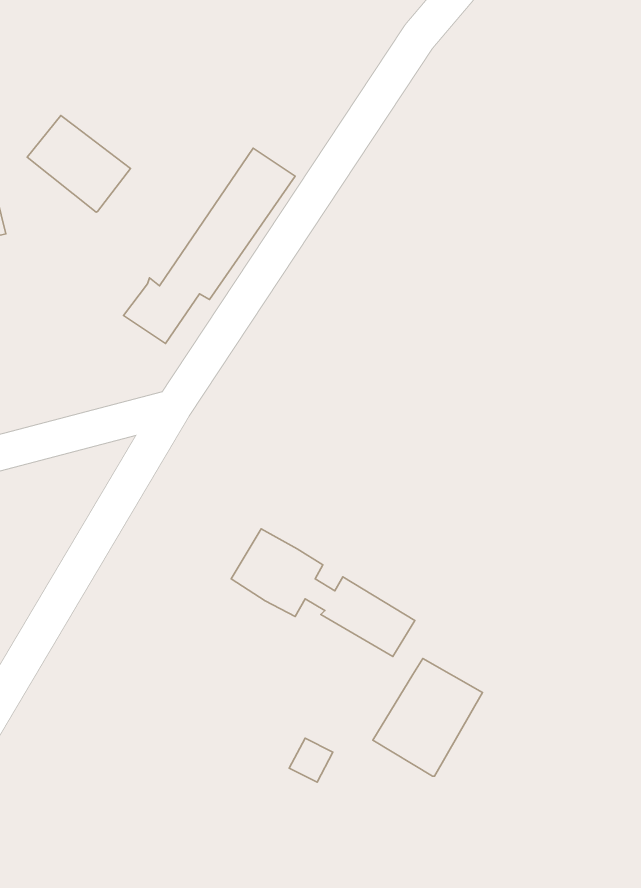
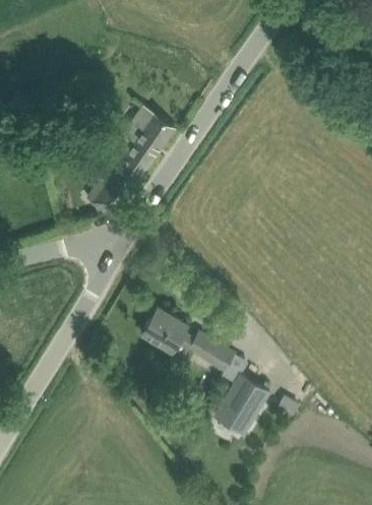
building: [27,116,130,212] -> none

